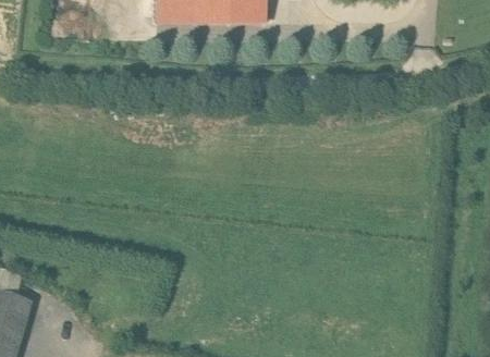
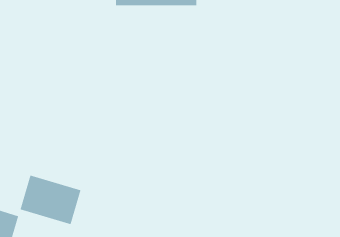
building: none -> [20,175,81,225]

